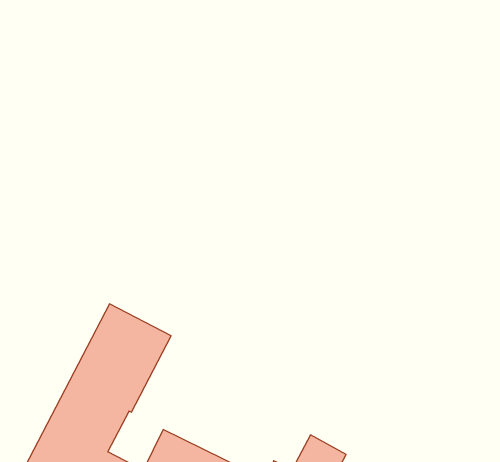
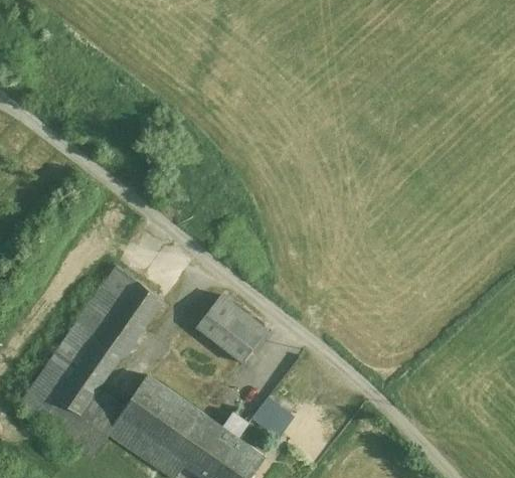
building: none -> [194,294,267,363]

